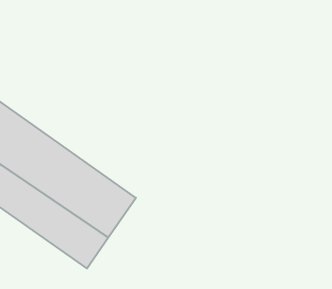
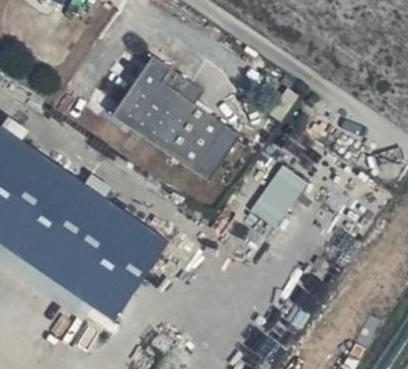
building: none -> [113,54,240,179]
building: none -> [250,167,307,226]

